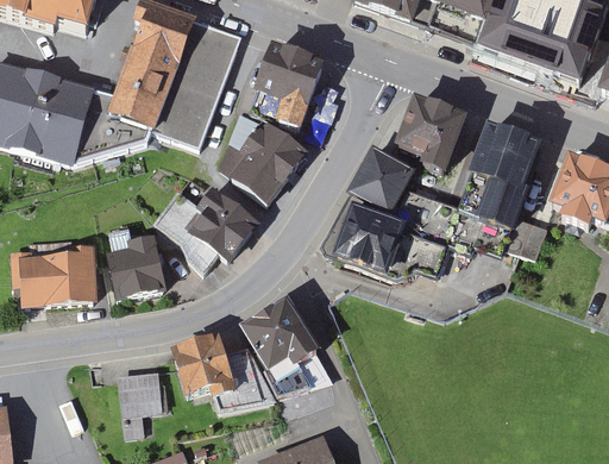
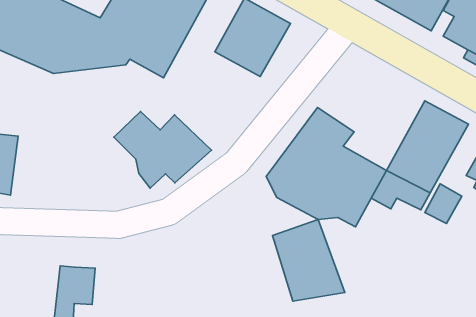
building: [397,96,466,170] -> none
building: [215,113,310,202] -> none
building: [107,232,163,296] -> none
building: [46,237,93,305] -> none
building: [245,297,335,393] -> [273,219,345,301]
building: [171,333,269,409] -> none

